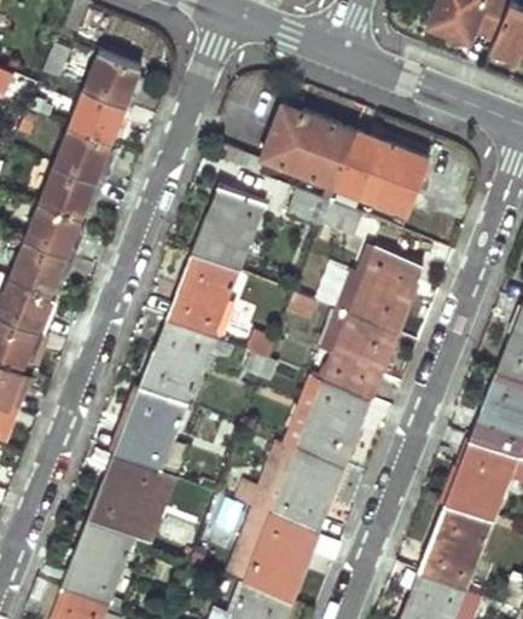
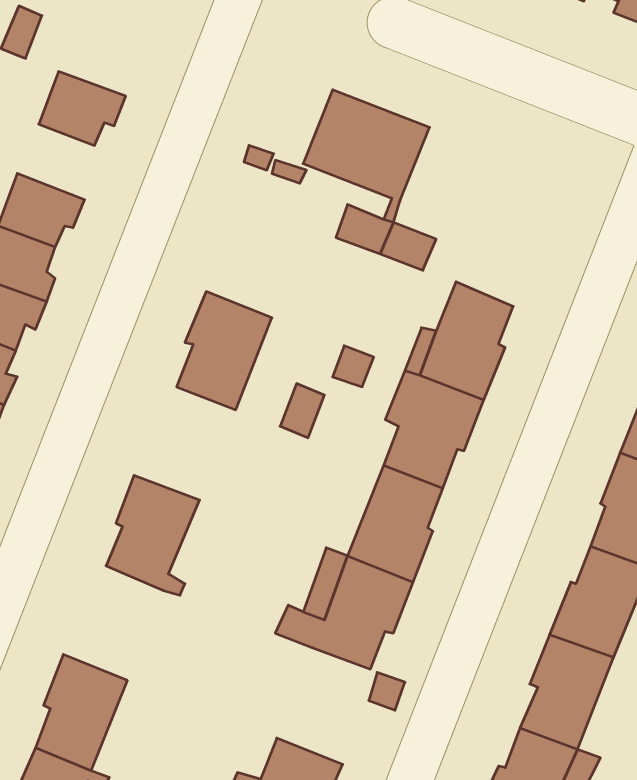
building: [82,52,139,109] -> none
building: [52,129,109,185] -> none
building: [333,132,429,215] -> none
building: [191,187,266,272] -> none
building: [138,323,213,406] -> none
building: [86,455,159,539] -> none
building: [243,515,312,601] -> none

